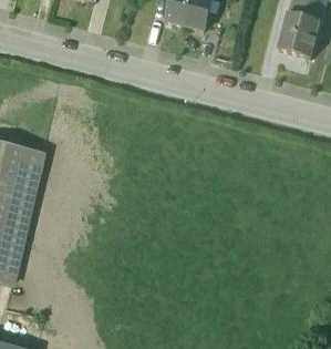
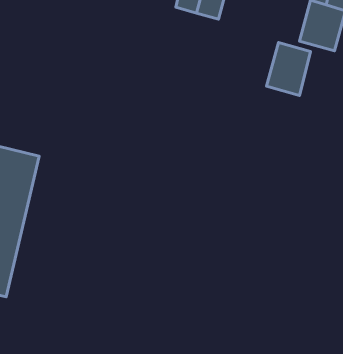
building: none -> [267,43,310,96]

